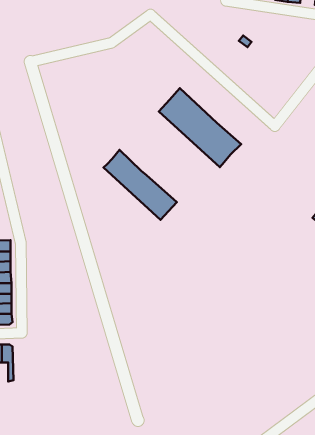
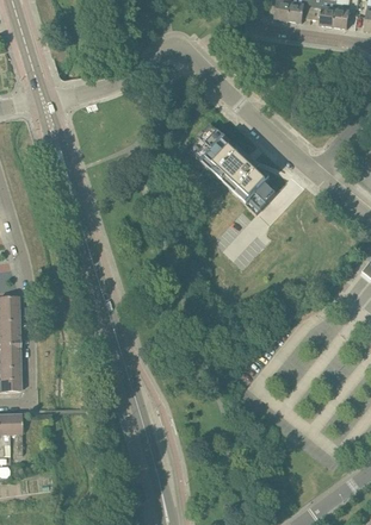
building: [103,150,177,220] -> none

